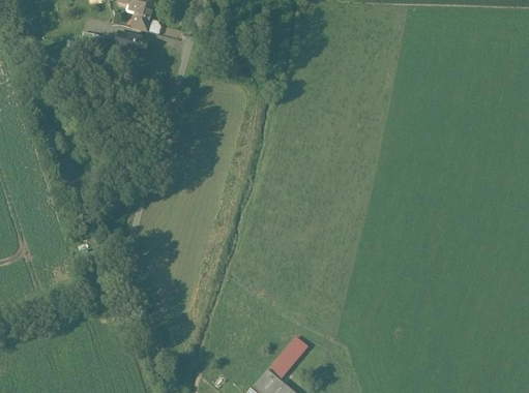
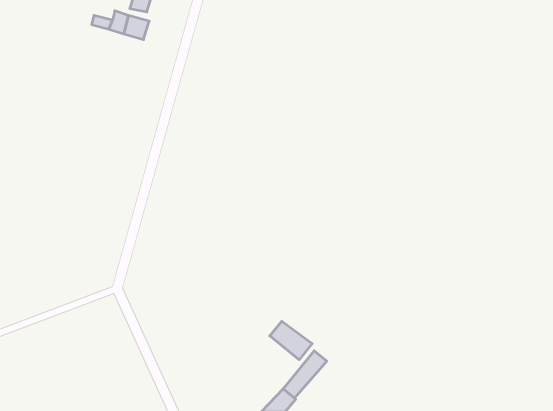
building: none -> [270,321,312,360]

